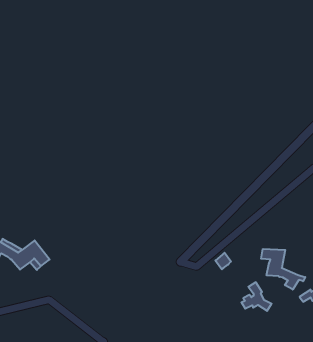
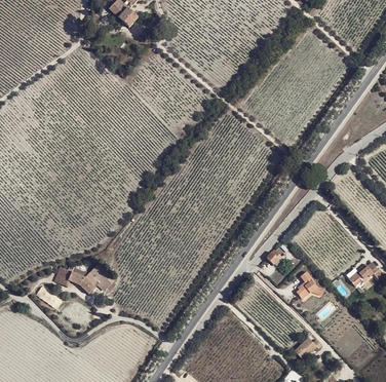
building: [261,249,305,290] -> none

